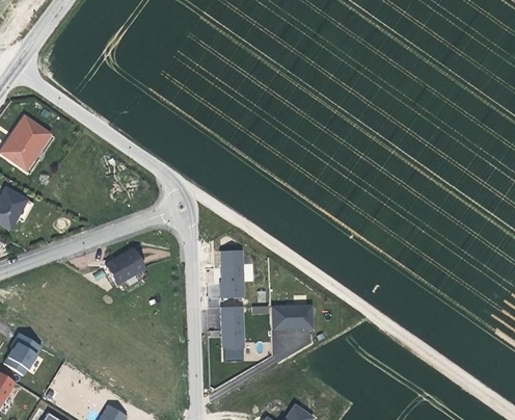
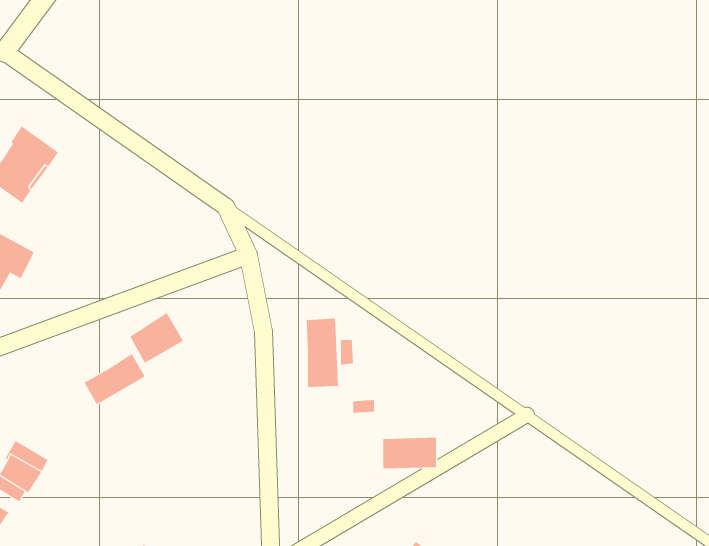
building: none -> [84,353,146,405]
building: [219,306,242,346] -> none
building: [270,306,311,327] -> none

